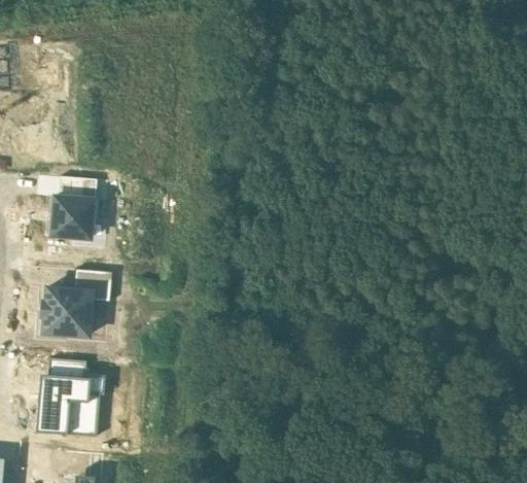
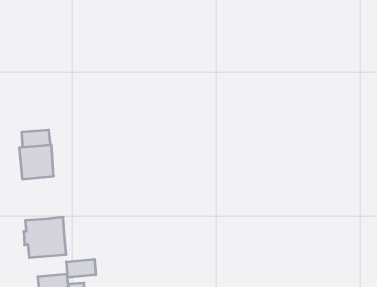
building: [75,271,111,302] -> none
building: none -> [66,259,96,278]

